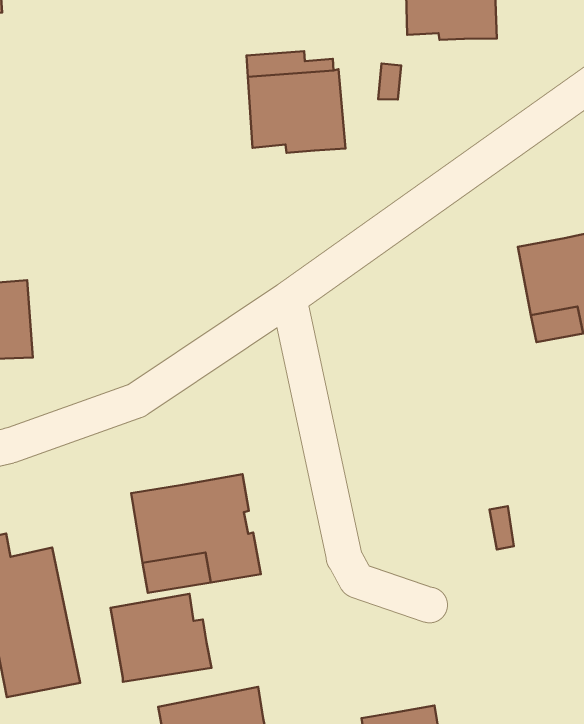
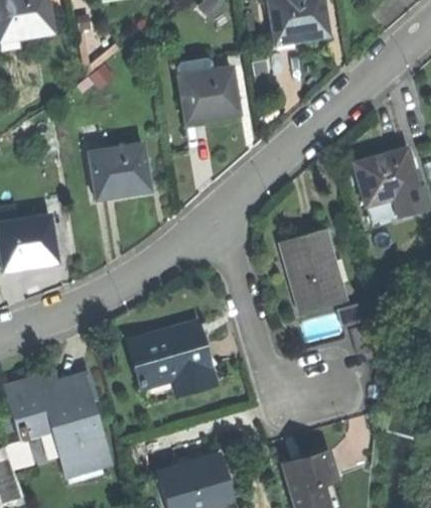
building: none -> [90,142,151,196]
building: none -> [278,229,343,310]
building: [111,594,212,682] -> none

